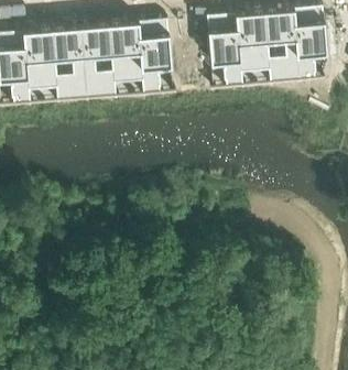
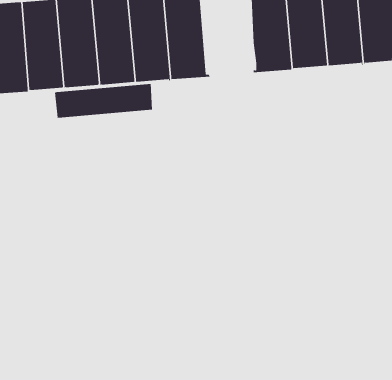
building: none -> [52,83,153,119]

